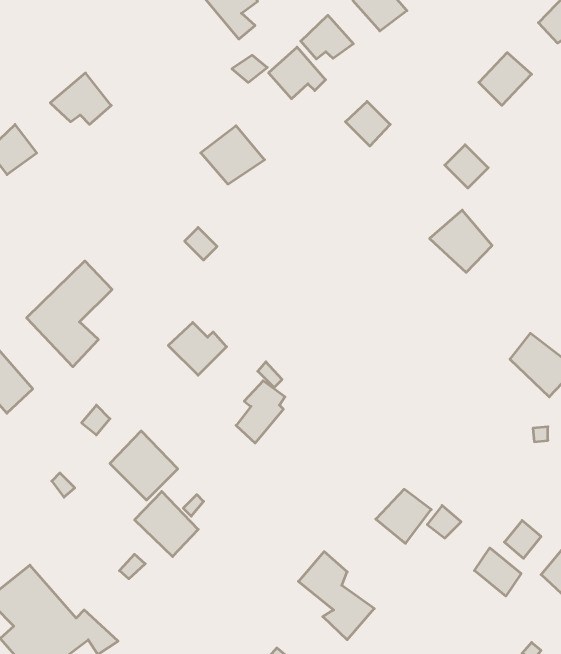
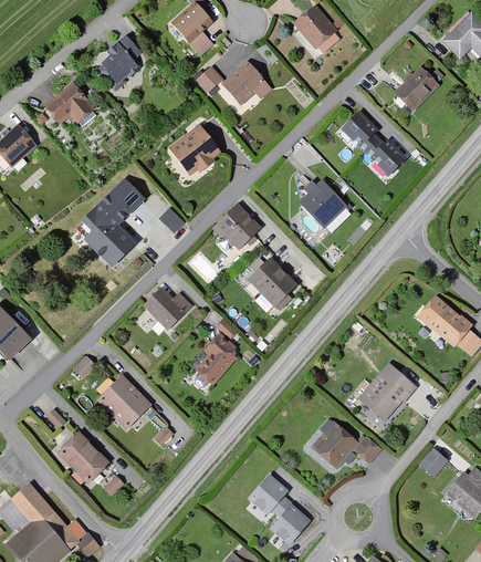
building: [301,15,353,59] -> none
building: none -> [100,35,142,81]
building: [345,101,390,146] -> [337,112,374,148]
building: [430,210,492,272] -> [296,178,347,229]
building: none -> [212,204,262,249]
building: [27,261,112,367] -> [76,178,146,264]
building: none -> [248,258,299,306]
building: none -> [358,361,418,420]
building: [135,491,198,557] -> [56,430,108,483]
building: [474,548,521,596] -> none

